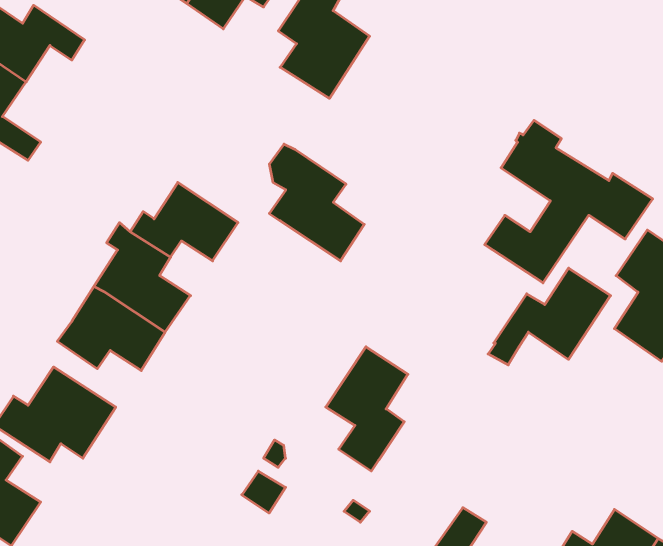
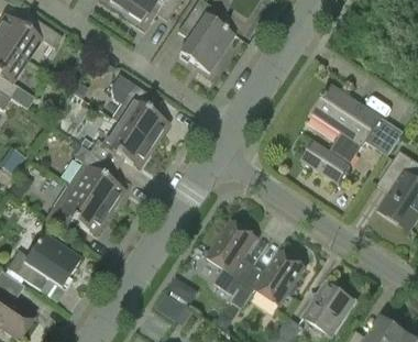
building: [269,144,364,261] -> [111,75,168,145]
building: [488,268,611,365] -> [231,250,305,308]
building: none -> [302,282,354,335]

